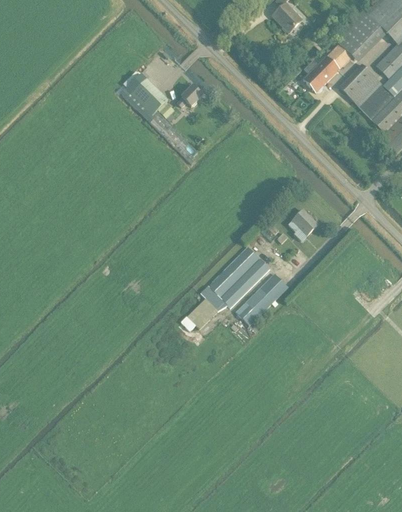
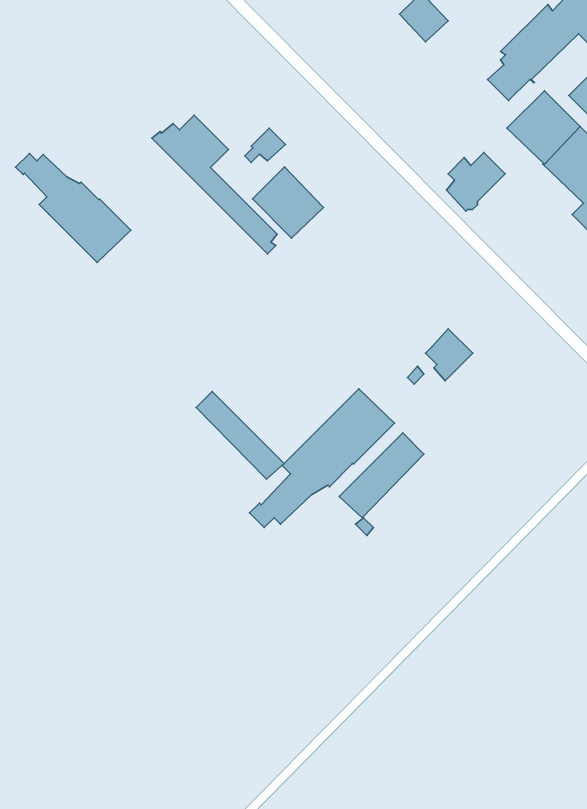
building: [304,55,340,91] -> [446,153,505,211]
building: none -> [16,153,131,263]
building: none -> [252,167,324,238]
building: none -> [196,392,284,479]

